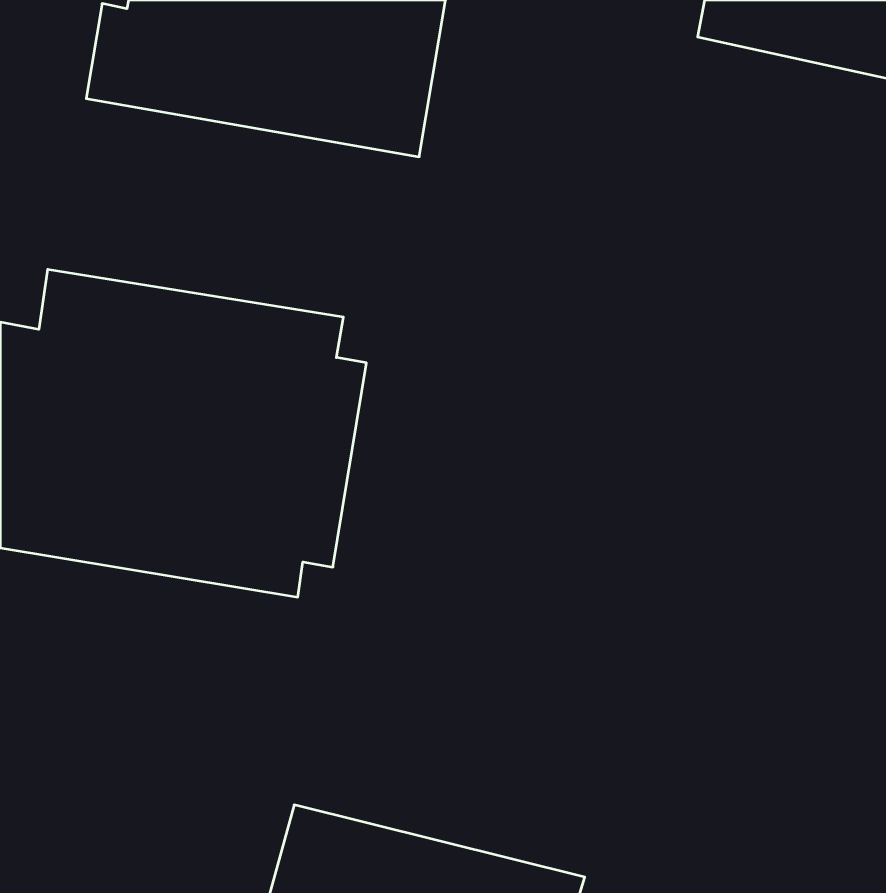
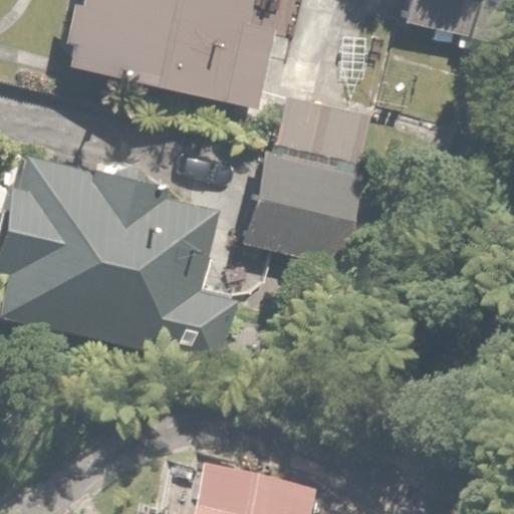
building: none -> [242,92,378,270]

